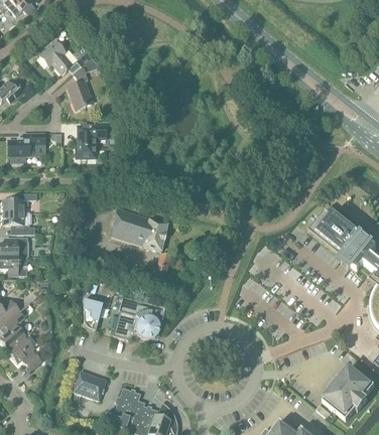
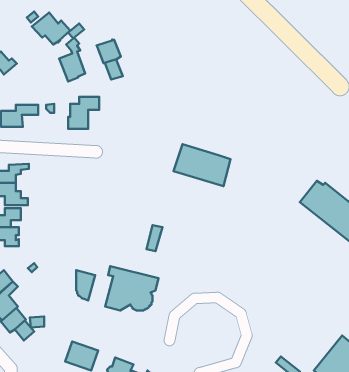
building: none -> [96,39,123,80]
building: [109,208,166,251] -> [173,144,231,186]

